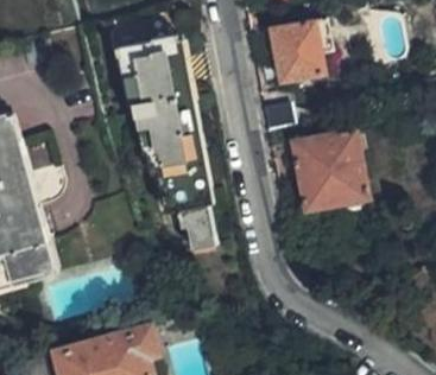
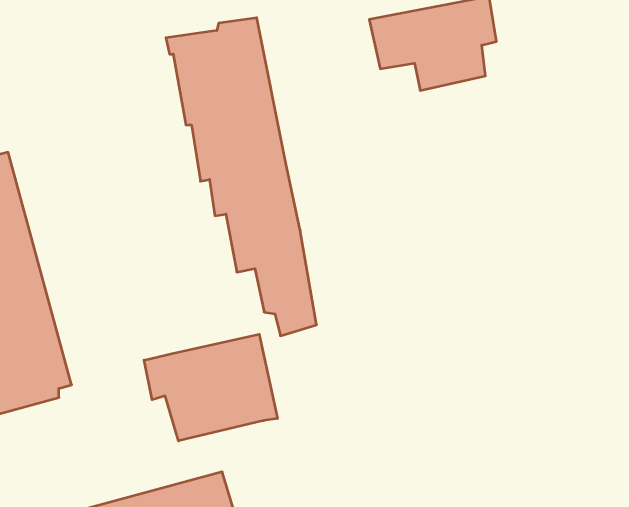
building: [291,126,366,209] -> none
building: none -> [144,334,277,441]

